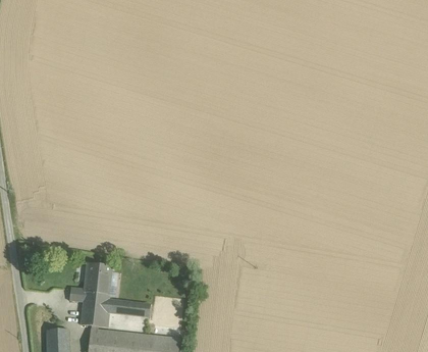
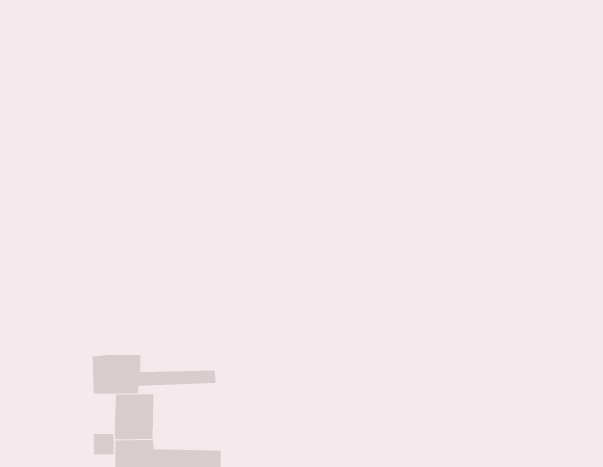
building: none -> [92,354,216,394]

